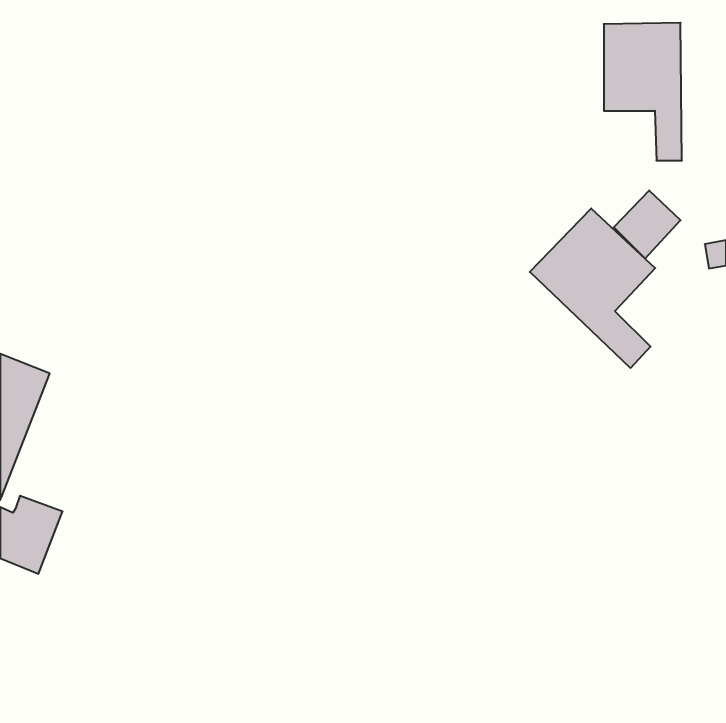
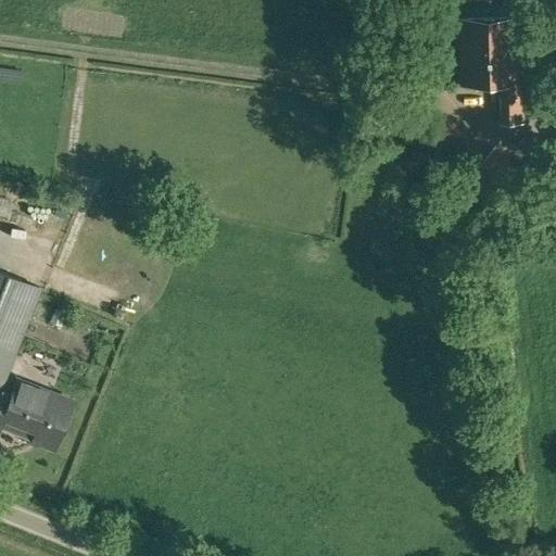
building: [530,208,655,368] -> none
building: none -> [29,393,71,450]

